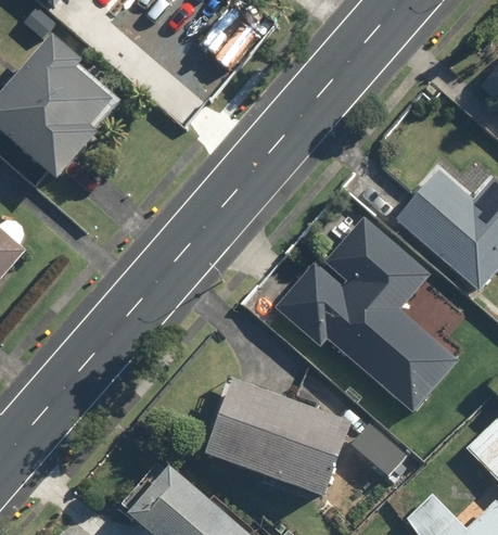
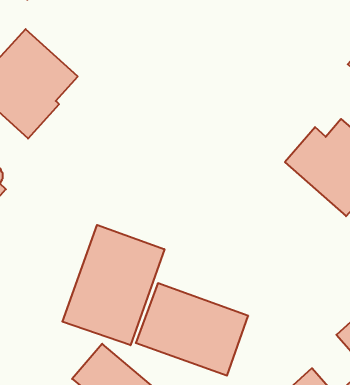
building: [277,215,458,411] -> none
building: none -> [62,225,164,345]

